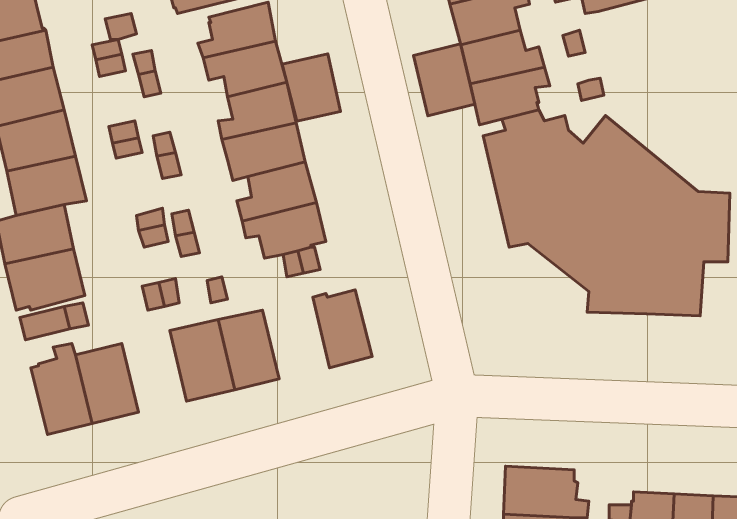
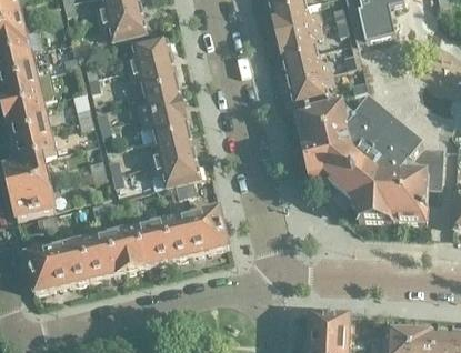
building: [414,44,475,116] -> none
building: [282,54,341,121] -> none
building: none -> [163,210,203,259]
building: none -> [79,230,118,279]

